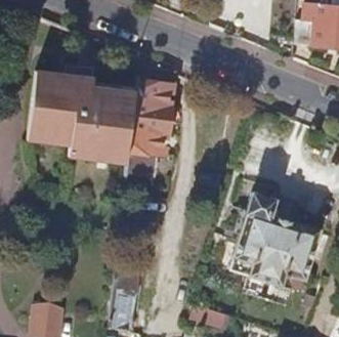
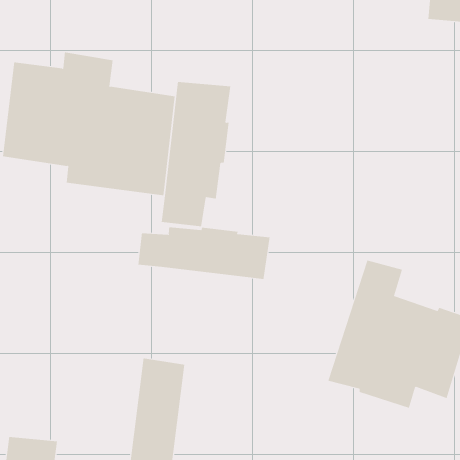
building: none -> [138,226,270,280]

